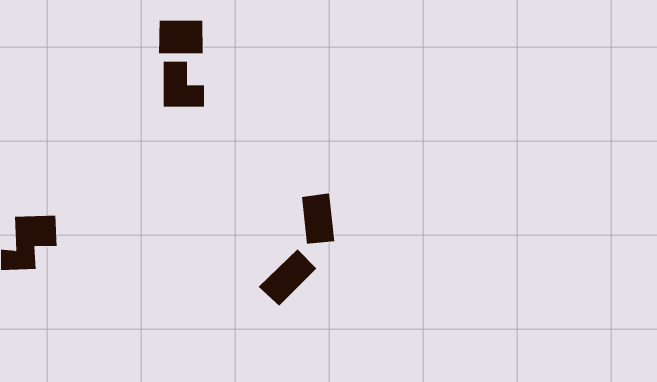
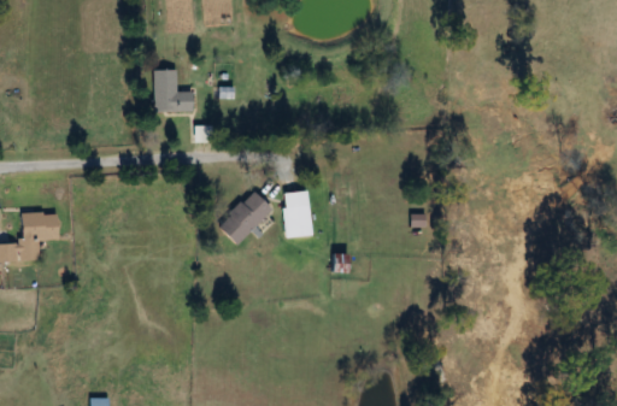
building: [158,20,203,54] -> none
building: [258,249,317,306] -> [217,192,271,245]

